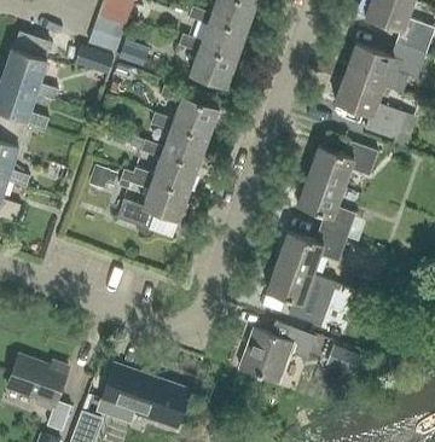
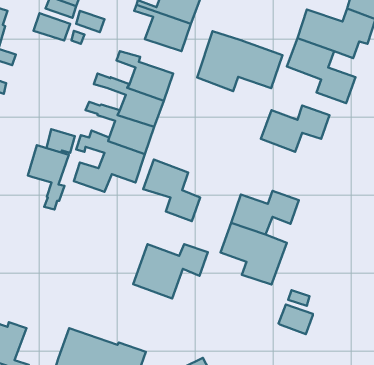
building: none -> [197,31,282,91]
building: [297,174,355,237] -> [143,159,200,221]
building: none -> [28,145,69,210]
building: [239,326,315,382] -> [133,244,208,298]

